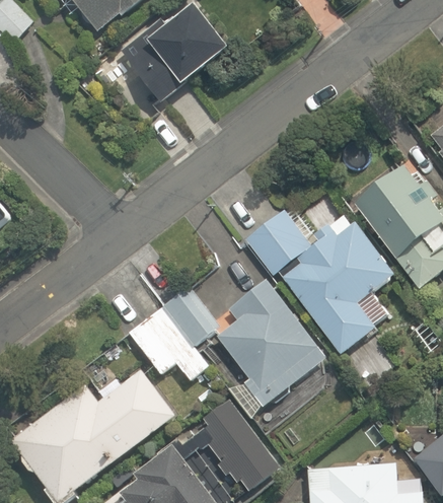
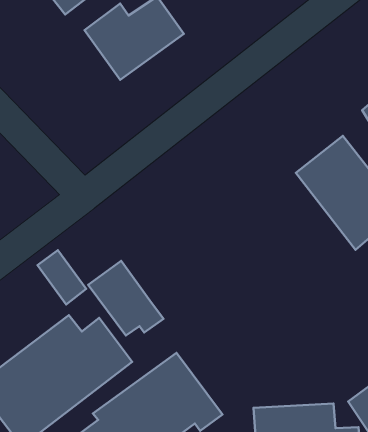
building: [245,209,394,354] -> none
building: [216,281,334,429] -> none
building: [164,287,218,347] -> [38,250,86,305]

